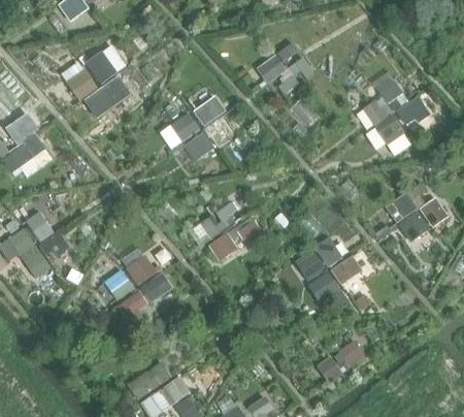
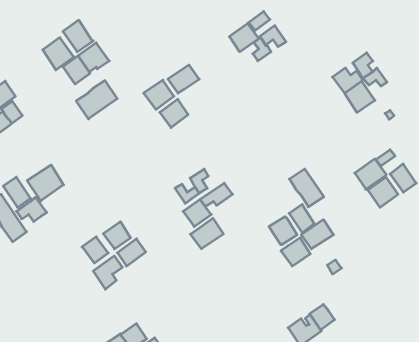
building: none -> [76,81,117,119]
building: none -> [27,165,64,201]
building: none -> [289,169,324,207]
building: none -> [190,218,223,249]

